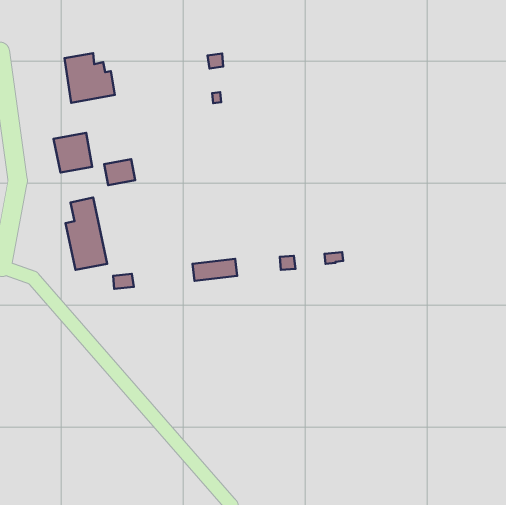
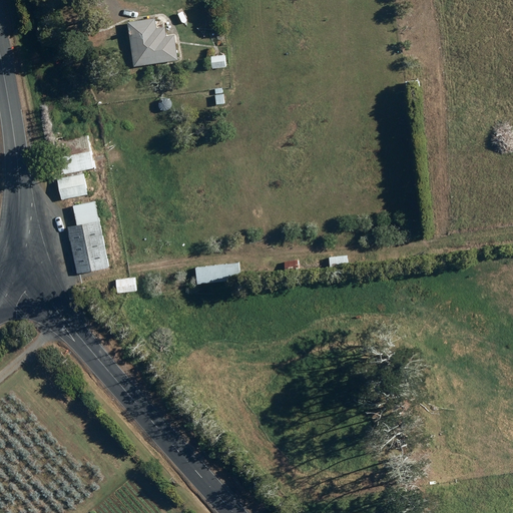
building: [64,53,115,103] -> [126,17,177,67]
building: [104,159,135,185] -> [57,173,88,199]

